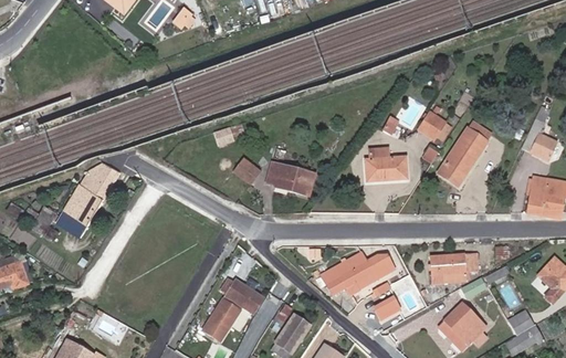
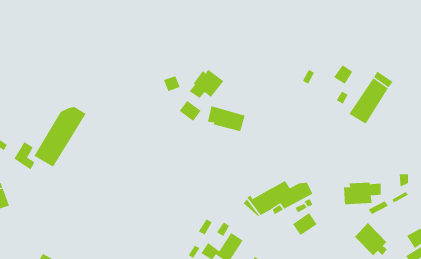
building: none -> [189,69,224,99]
building: [366,148,406,182] -> none
building: [201,276,263,341] -> none

